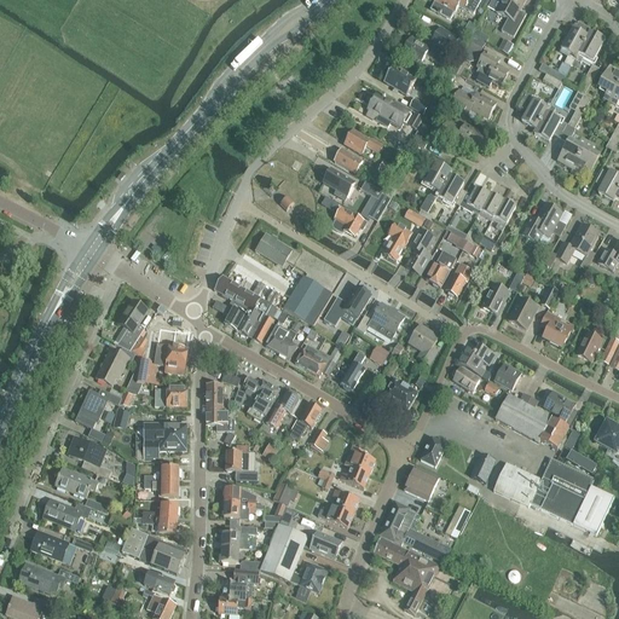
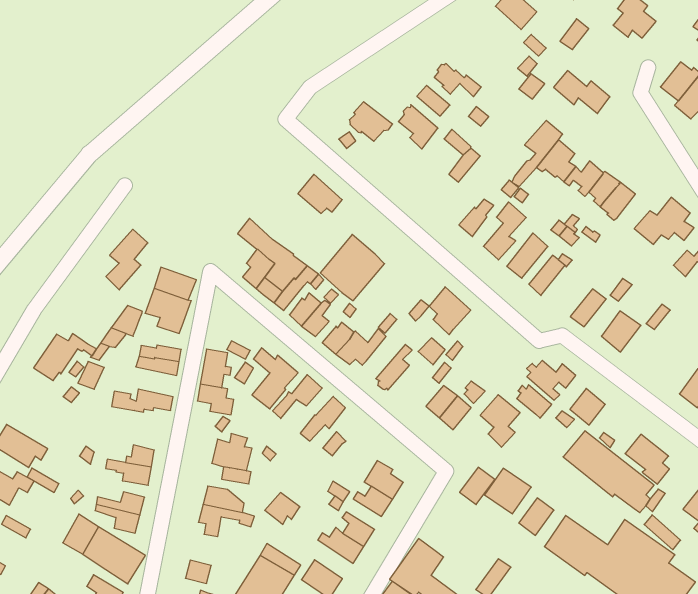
building: [451,89,494,117] -> none
building: [366,93,410,123] -> none
building: [331,207,365,236] -> [349,102,393,141]
building: [322,285,369,326] -> none
building: [539,312,568,347] -> none
building: [407,324,438,364] -> [480,395,520,447]
building: [96,346,134,384] -> none
building: [140,434,186,457] -> none
building: [68,436,111,476] -> none
building: [404,465,439,499] -> [484,468,531,514]
building: [221,525,256,549] -> none

